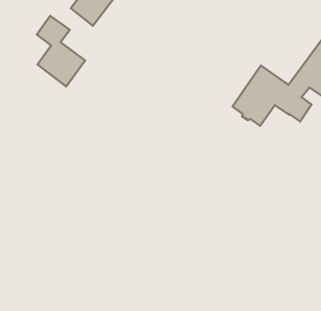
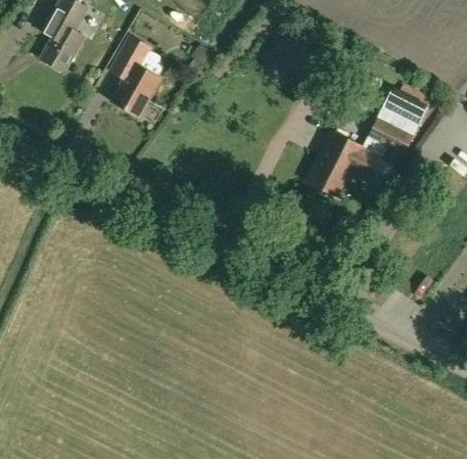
building: [37,16,85,86] -> none

